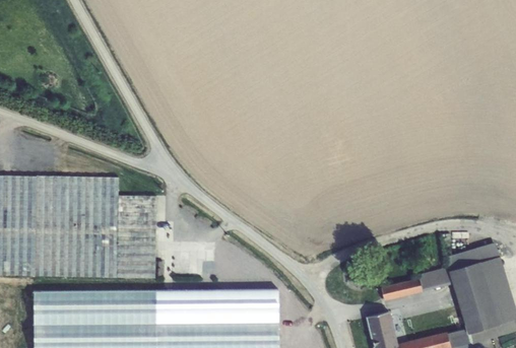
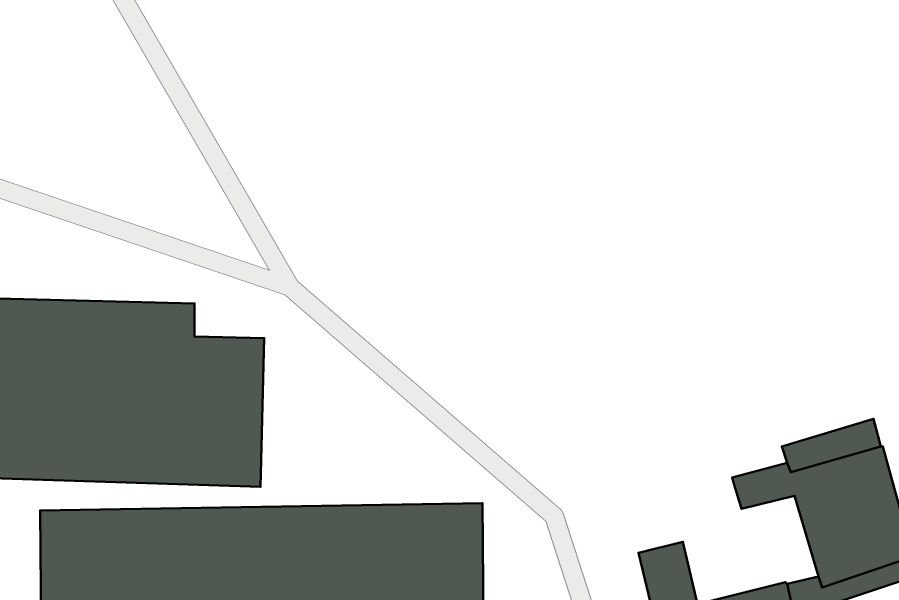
building: [380,278,422,300] -> none

